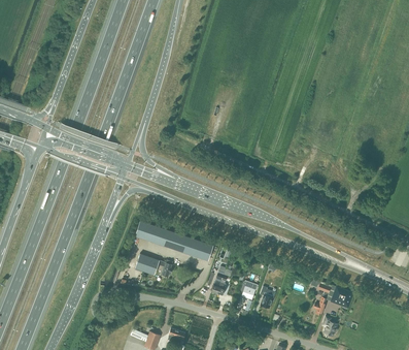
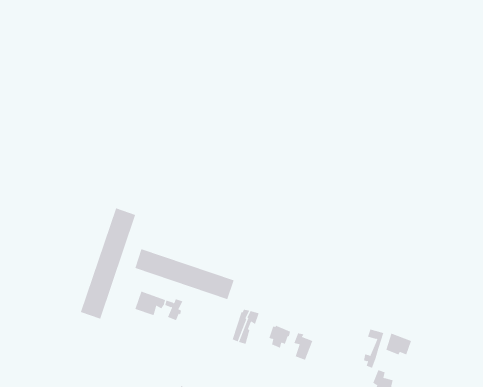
building: none -> [80,208,136,319]

